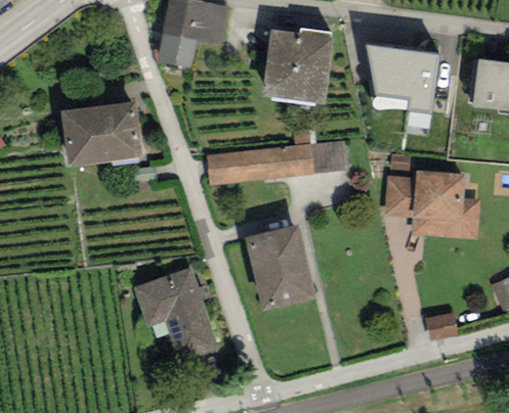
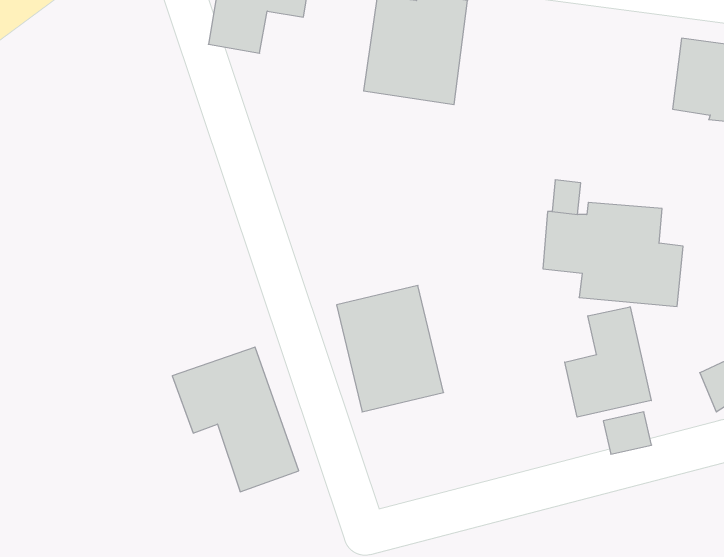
building: [366,44,438,111] -> none
building: [61,101,139,164] -> none
building: [206,127,348,184] -> none
building: none -> [565,307,651,417]

